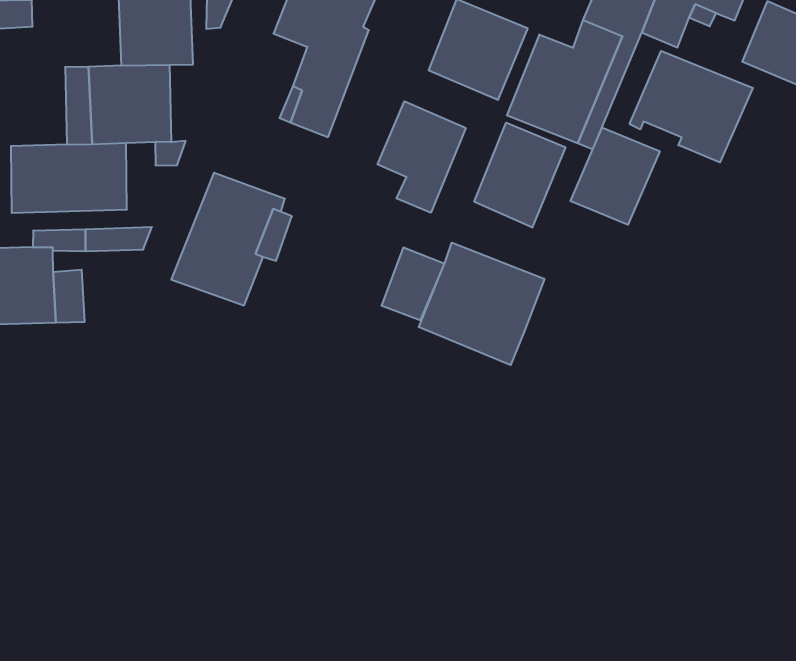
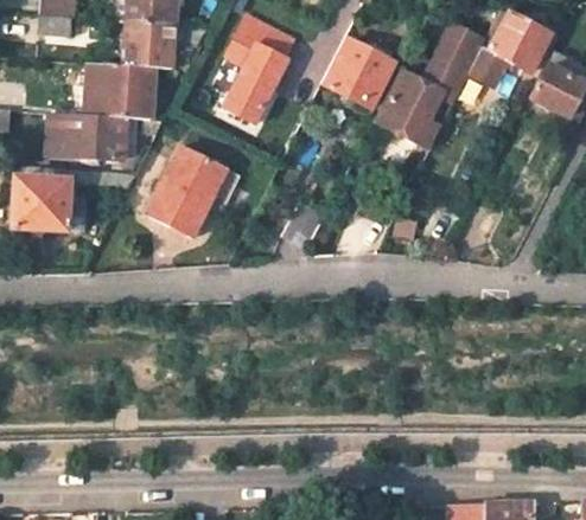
building: [630,51,753,162] -> none
building: [378,101,466,213] -> none
building: [474,123,565,228] -> none
building: [570,128,660,225] -> none
building: [419,243,544,365] -> none

